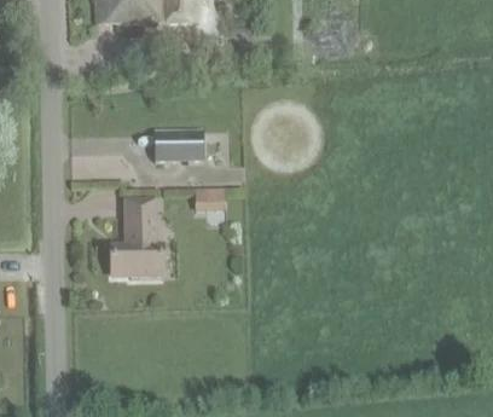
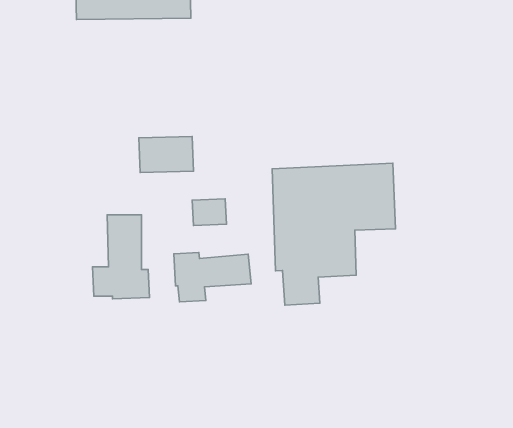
building: none -> [272,163,396,305]
building: none -> [174,253,251,302]

